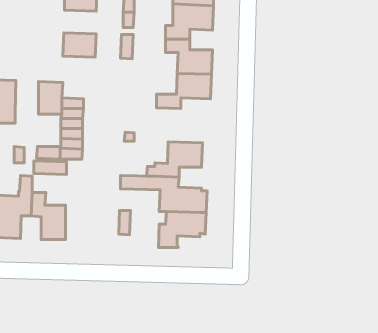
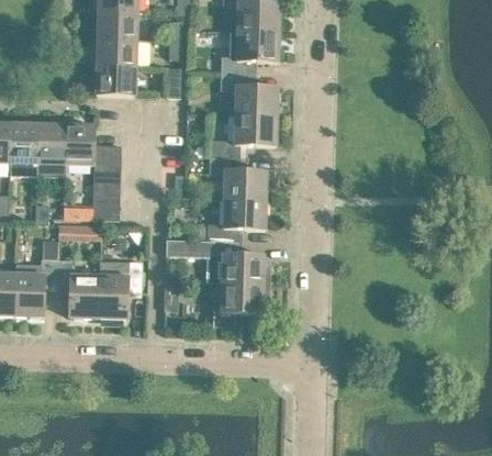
building: none -> [96,37,135,66]
building: none -> [36,123,65,176]
building: none -> [209,156,266,199]
building: none -> [98,260,141,318]

